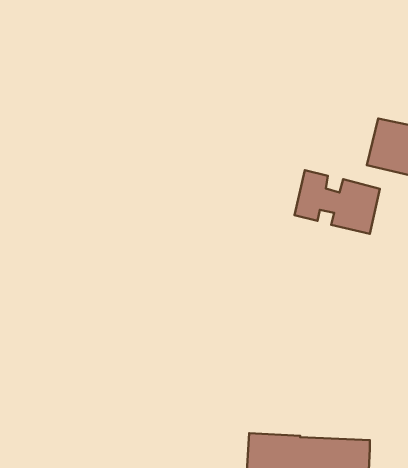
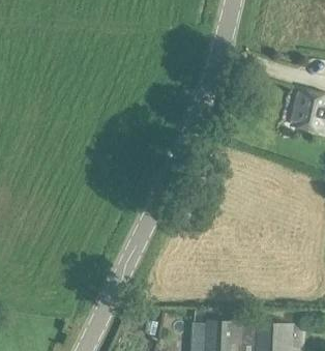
building: [295,170,380,234] -> none

